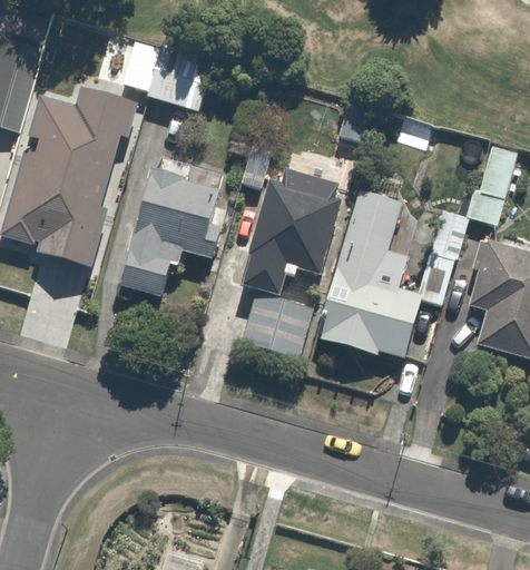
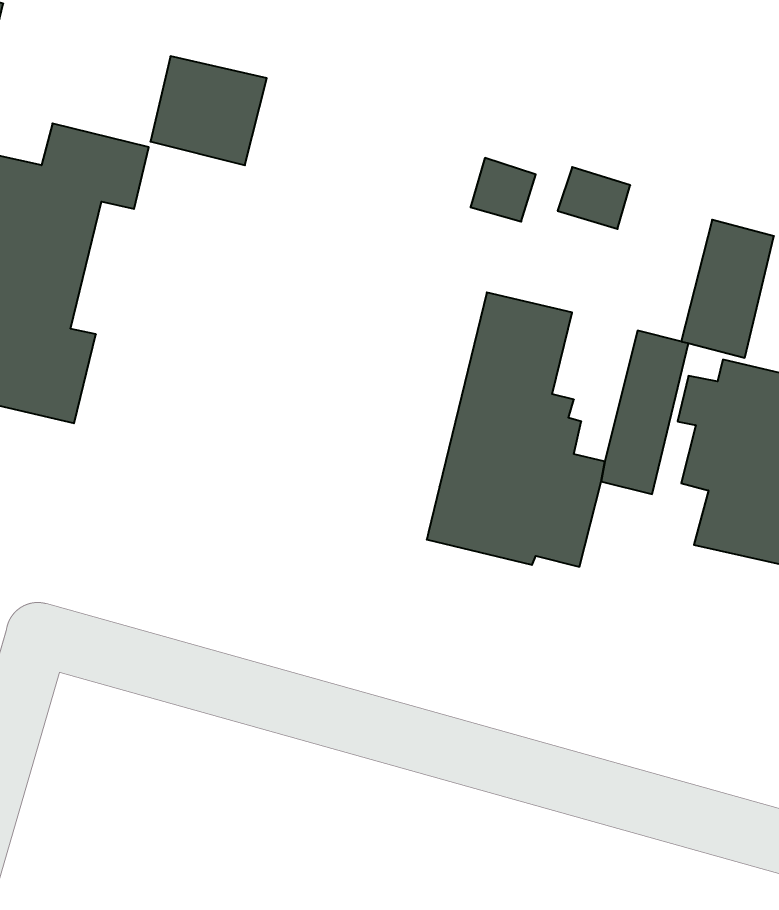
building: [239,142,340,293] -> none
building: [117,170,234,296] -> none
building: [238,291,321,361] -> none

